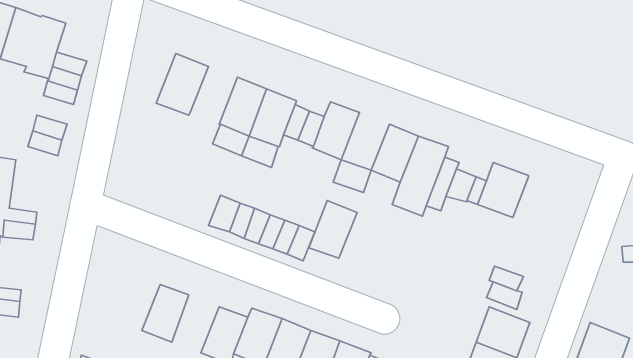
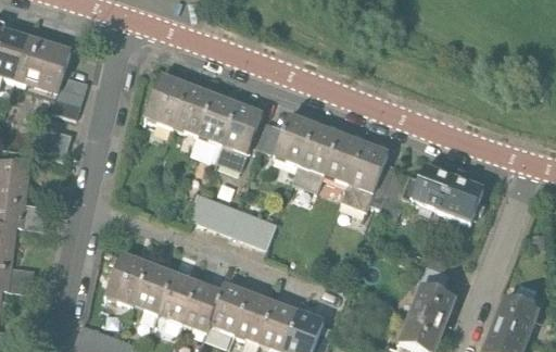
building: none -> [173,84,212,131]
building: none -> [440,175,482,219]
building: [309,201,357,258] -> [298,122,338,169]
building: none -> [105,253,148,304]
building: none -> [157,273,197,320]

